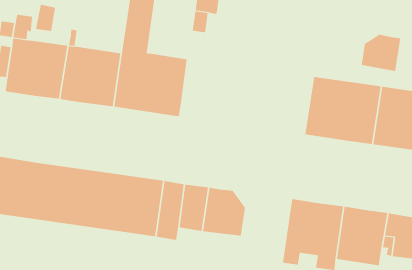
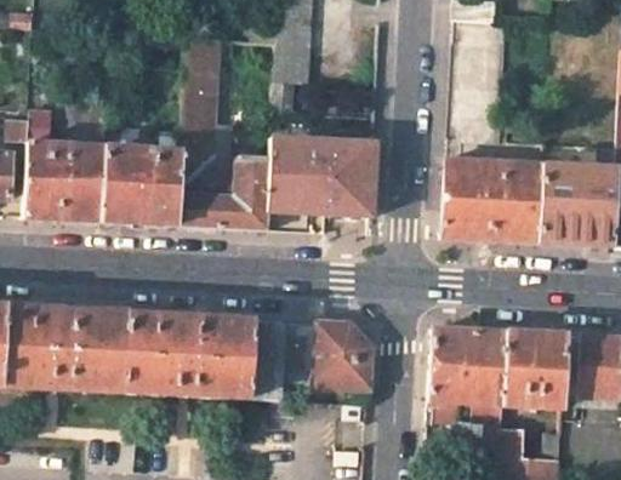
building: [361,34,401,72] -> none
building: none -> [269,139,375,218]

